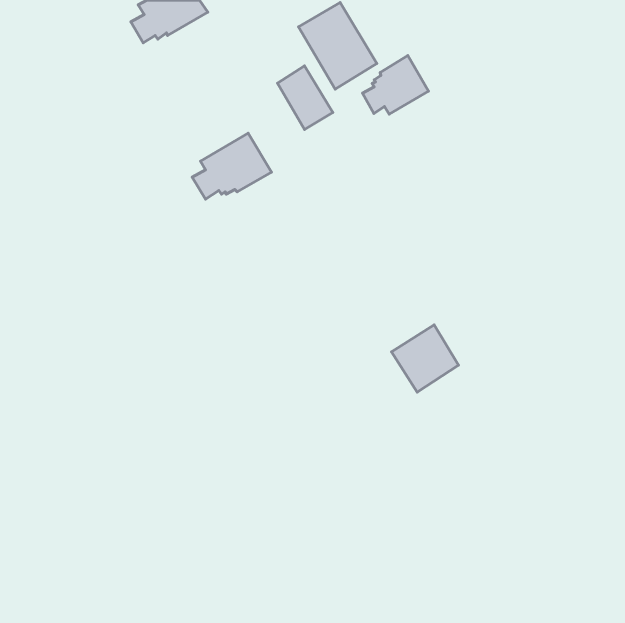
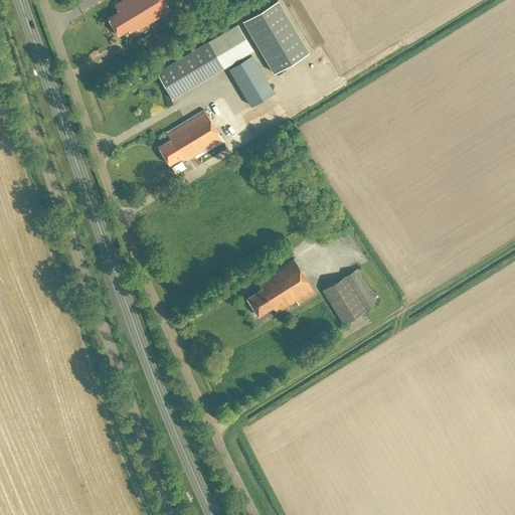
building: none -> [156,23,252,98]
building: [362,56,429,114] -> none
building: none -> [246,260,315,316]

